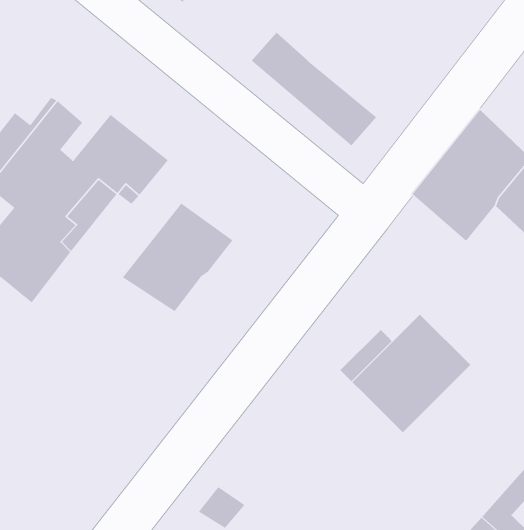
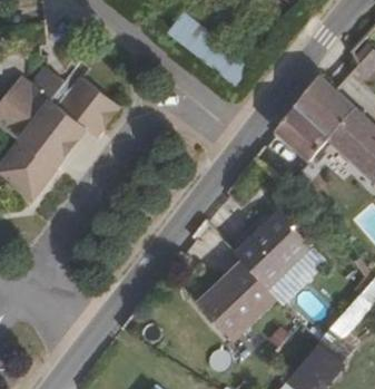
building: [122,202,234,312] -> none
building: none -> [199,260,280,339]

